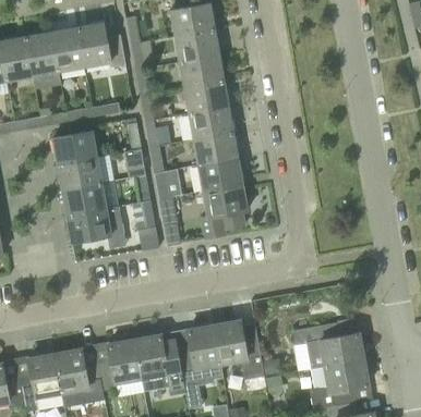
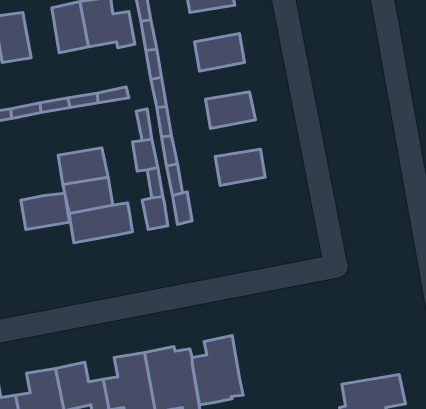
building: [176,29,220,62] -> none
building: [26,32,59,76] -> none
building: [184,81,229,113] -> none
building: [53,131,97,163] -> [21,193,70,230]
building: [194,132,239,164] -> none
building: [201,183,248,238] -> none
building: [214,320,265,379] -> none
building: [293,322,363,368] -> none

